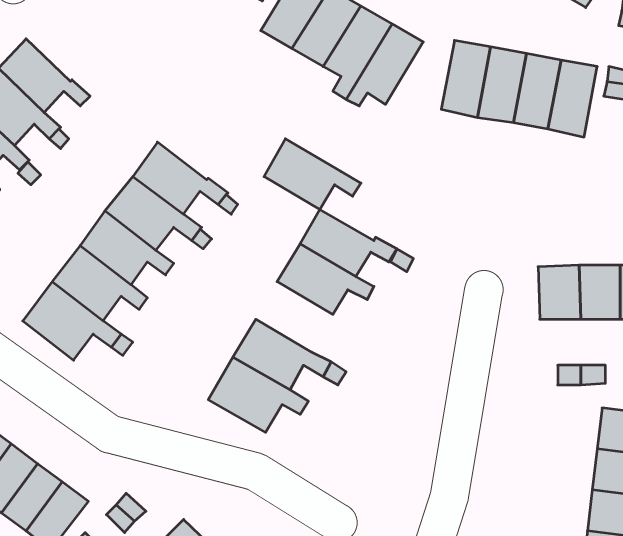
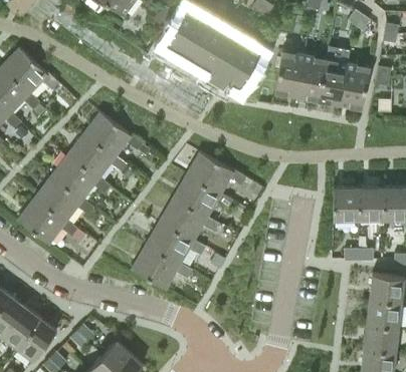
building: [264,139,361,209] -> [160,197,219,240]

